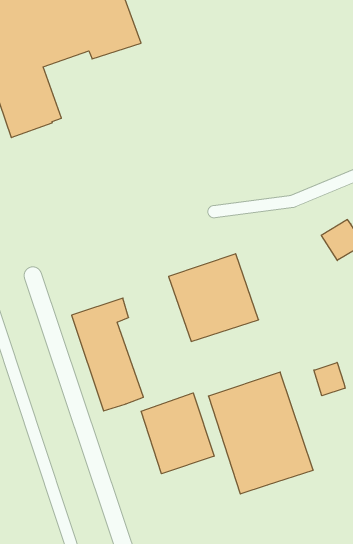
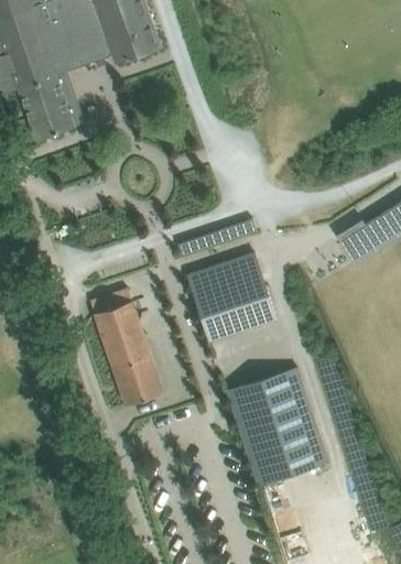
building: [314,362,345,396] -> none
building: [141,393,214,474] -> none

